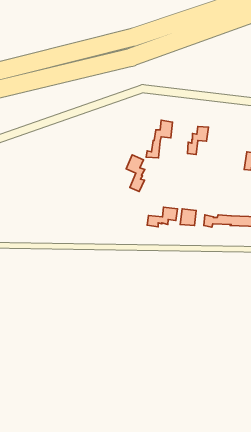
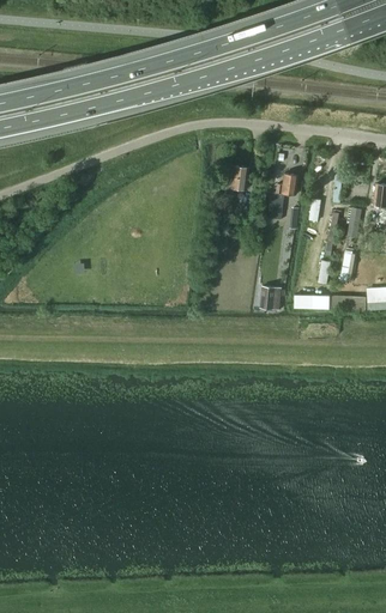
building: [126,155,145,192] -> none
building: [147,207,178,227] -> none

